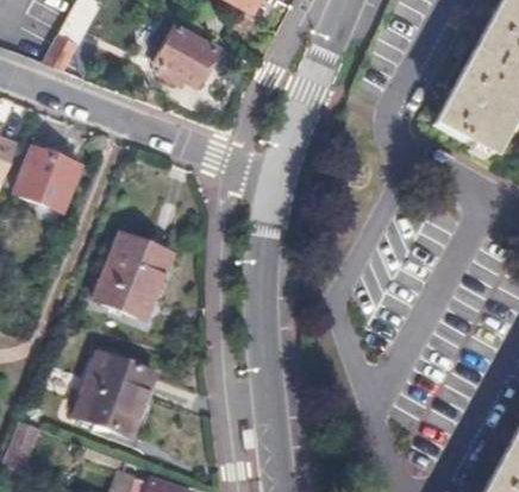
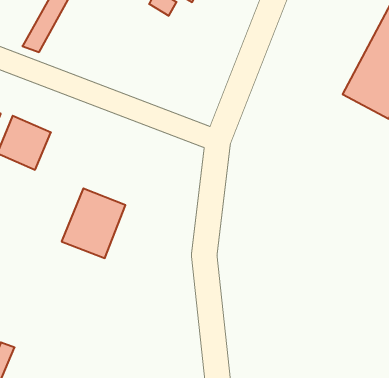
building: [156,23,218,81] -> none
building: [77,354,160,442] -> none

